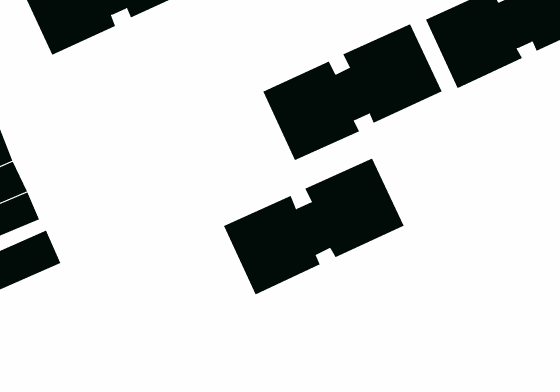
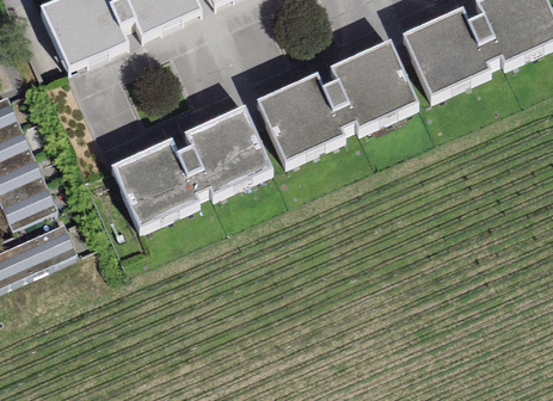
building: [223,158,405,295] -> [110,106,272,229]

